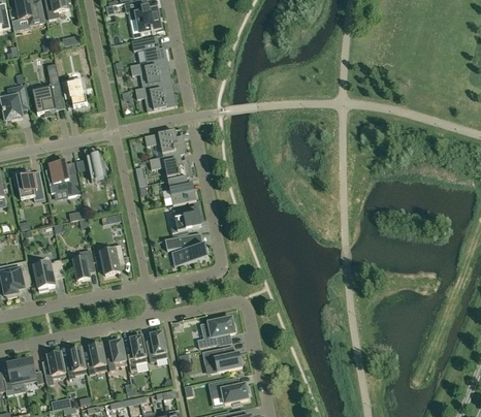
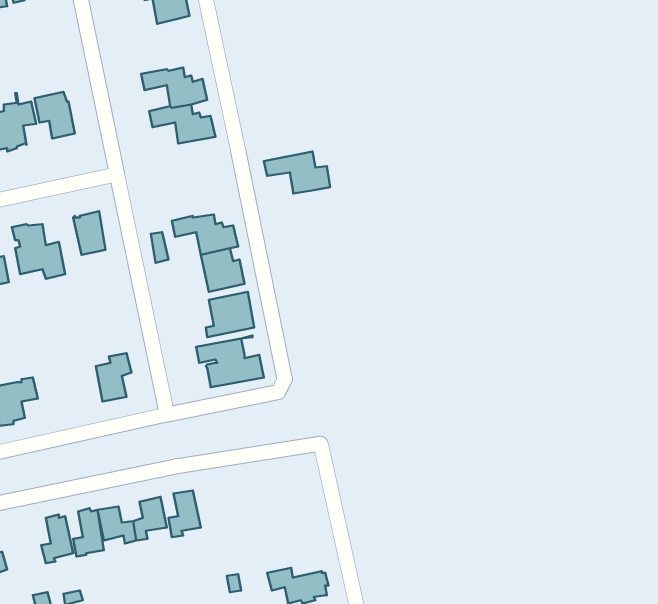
building: [131,34,166,62] -> none
building: [143,129,186,156] -> [264,152,330,193]
building: [72,249,92,280] -> none
building: [197,316,236,346] -> none
building: [201,347,242,372] -> none
building: [43,350,65,384] -> none

